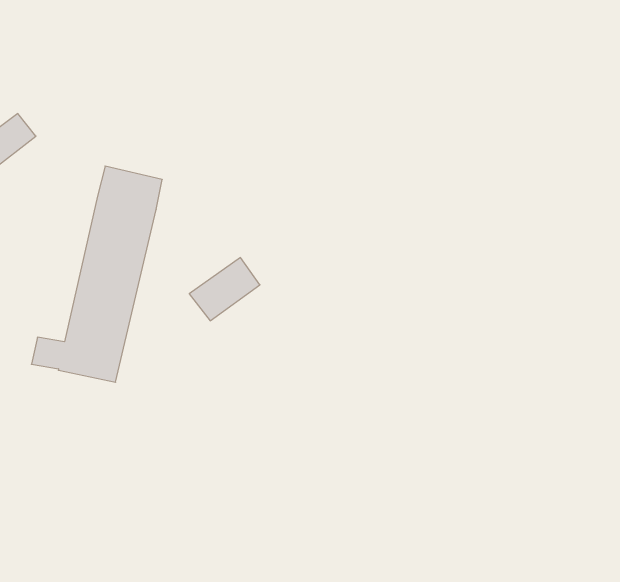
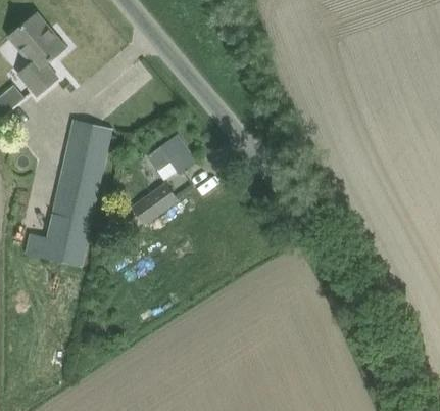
building: none -> [8,12,65,95]
building: none -> [147,134,196,173]

